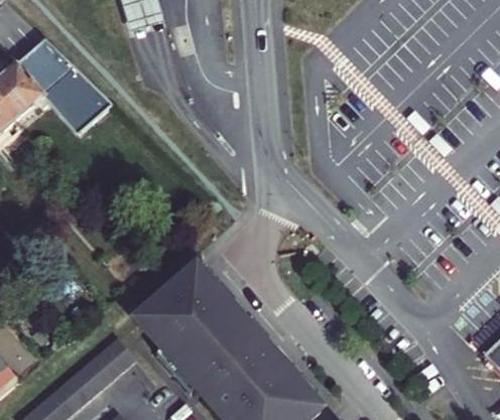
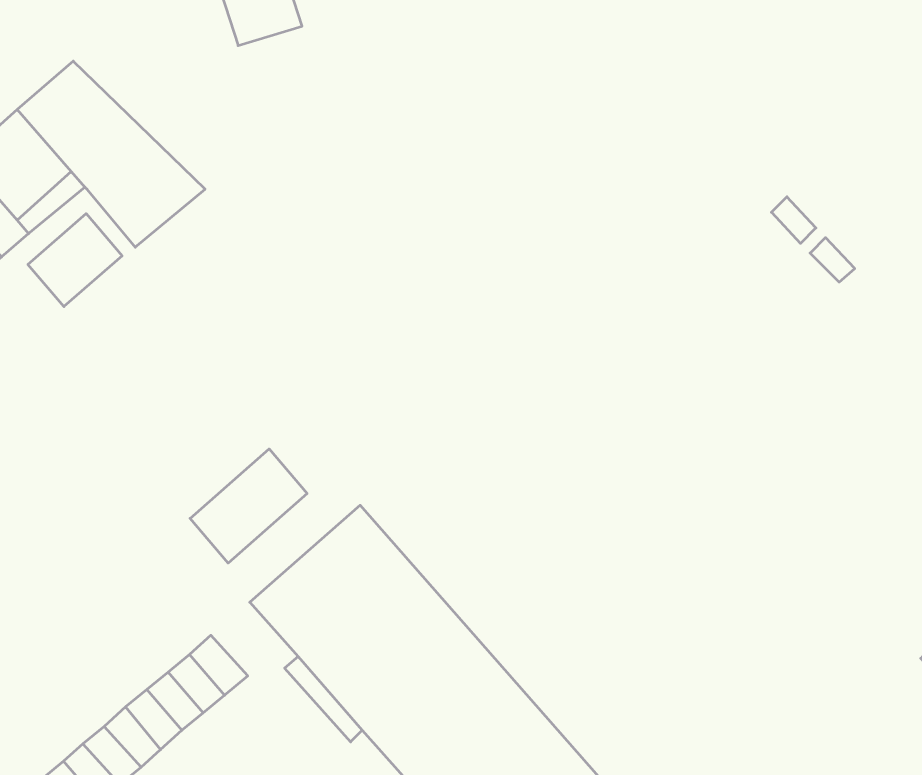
building: none -> [28,214,122,307]
building: none -> [190,449,307,563]

